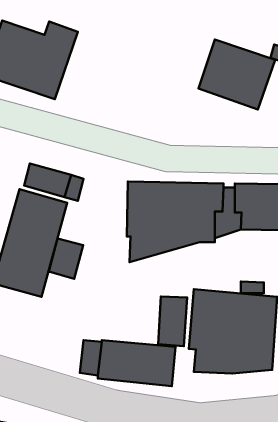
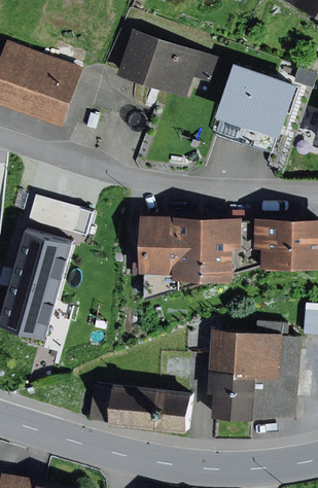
building: none -> [116,30,219,99]
building: [49,239,83,279] -> none
building: [158,296,187,346] -> none

